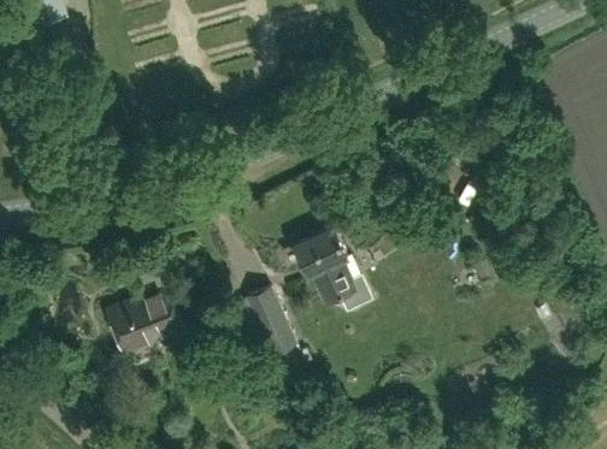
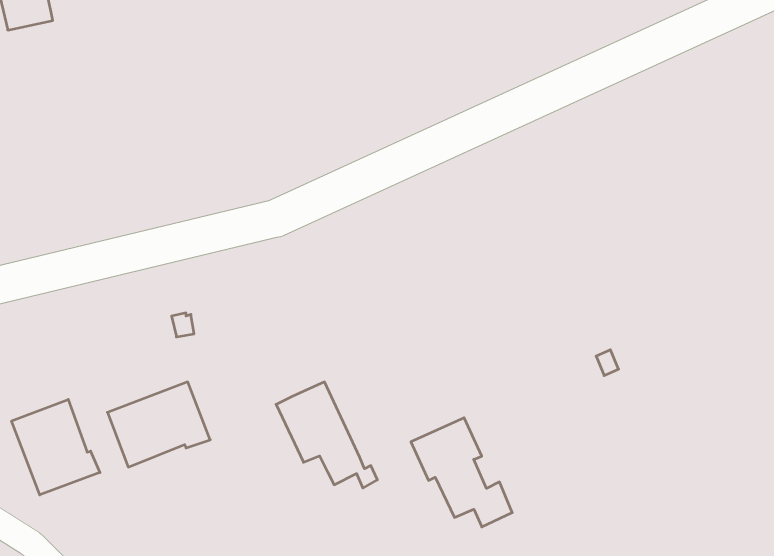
building: [294,230,370,312] -> [411,418,512,527]
building: none -> [12,399,100,495]

